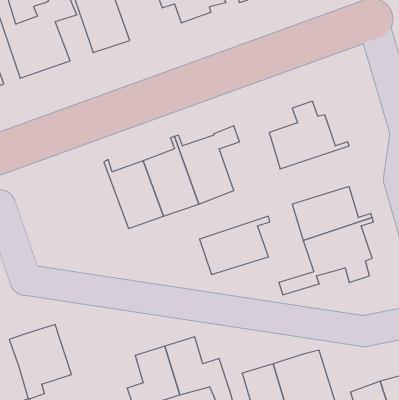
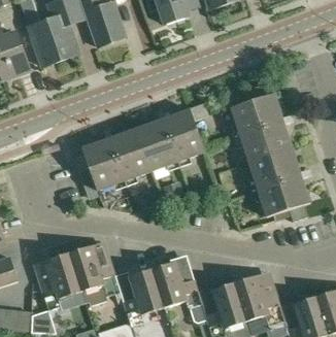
building: none -> [71,129,124,190]
building: [199,216,270,274] -> [239,116,293,161]
building: none -> [68,241,120,305]

